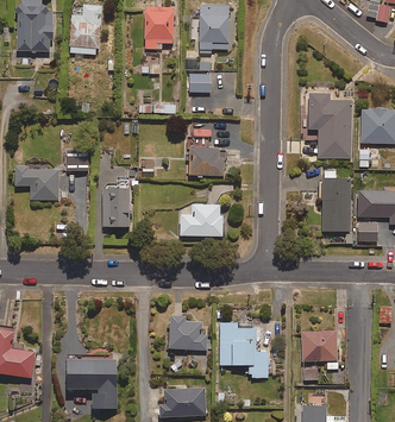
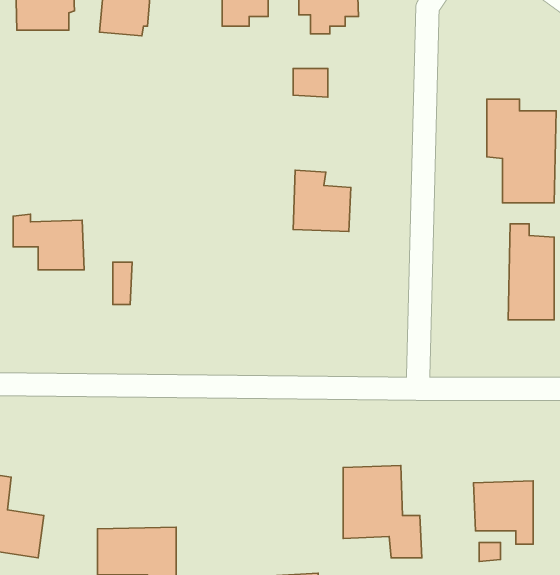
building: [102,175,130,226] -> none
building: [180,203,224,235] -> none
building: [169,314,208,349] -> none

